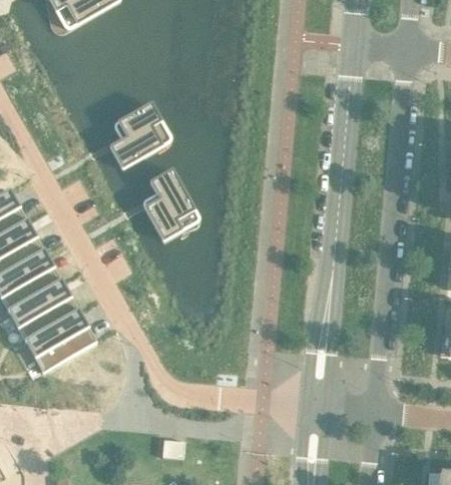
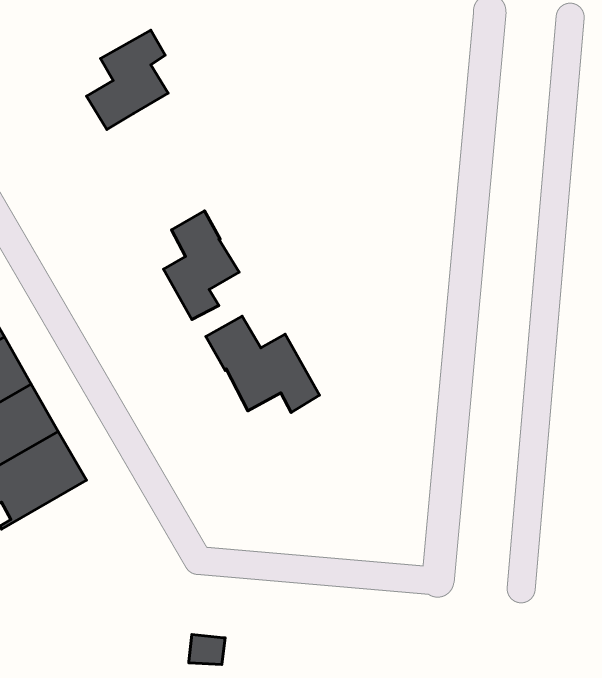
building: [108,104,160,167] -> [86,30,168,129]
building: none -> [206,316,320,412]

